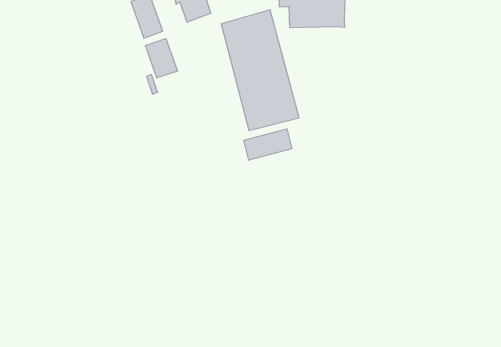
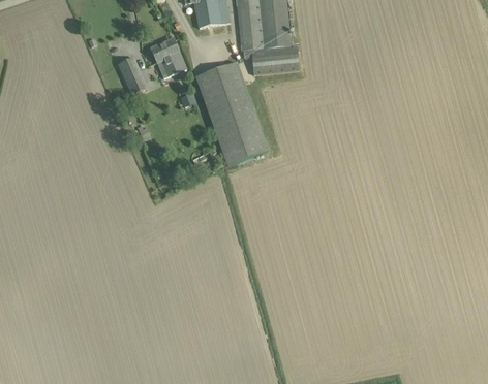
building: [145,39,177,78] -> none
building: [244,129,292,160] -> none

